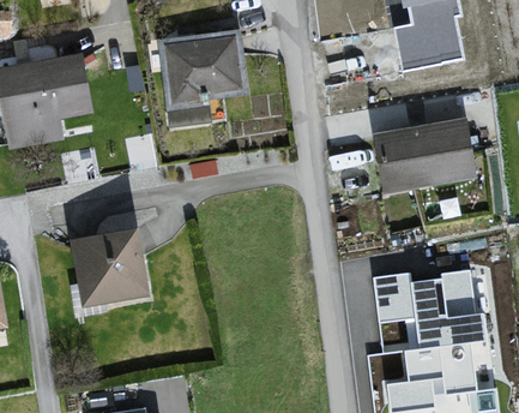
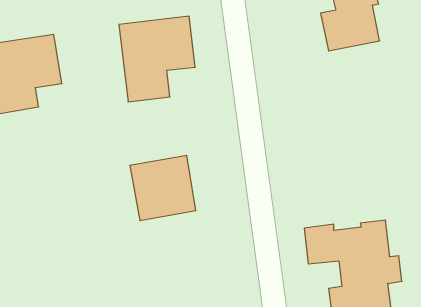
building: [373,116,473,190] -> none
building: [65,229,143,306] -> [130,155,196,221]

